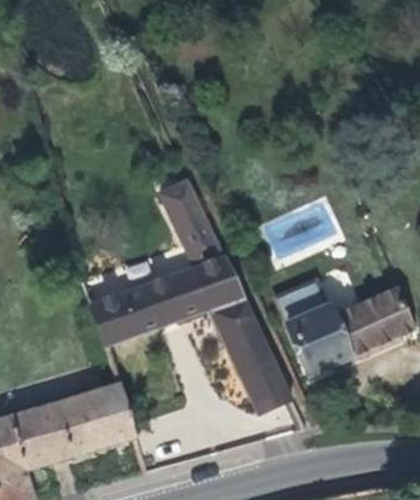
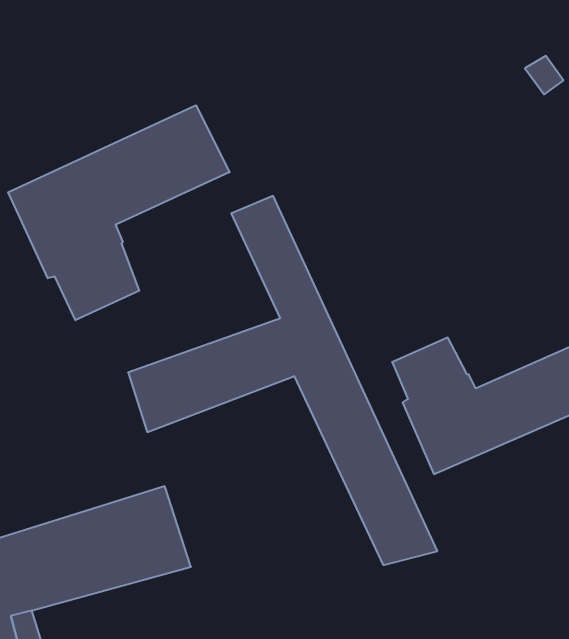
building: none -> [8,105,230,320]

